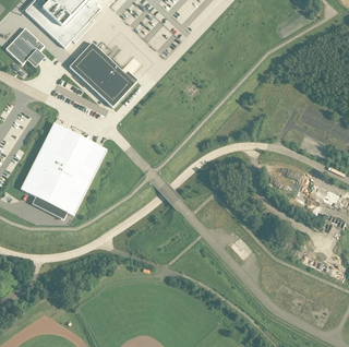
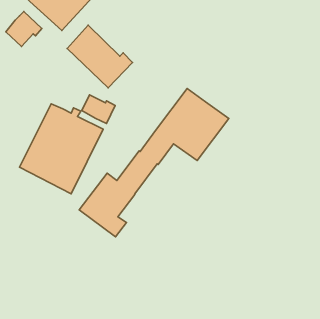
building: none -> [79,89,229,237]
building: none -> [82,95,115,123]

